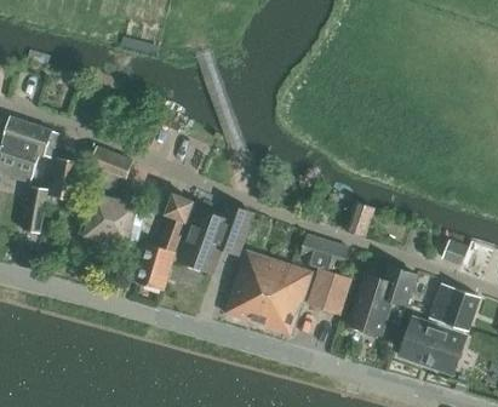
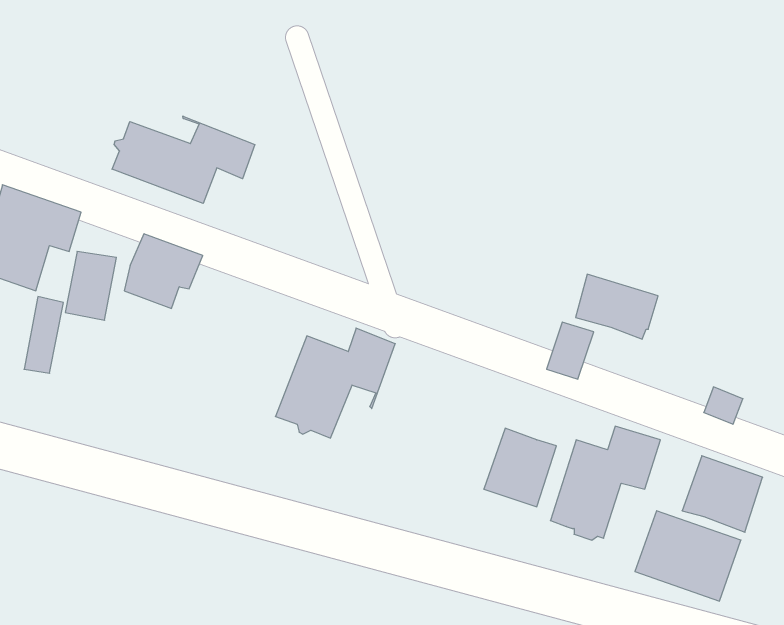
building: none -> [112,116,255,203]
building: [85,194,145,247] -> none
building: [133,195,194,290] -> none
building: [298,234,349,274] -> [576,274,658,339]
building: [224,250,313,334] -> none

